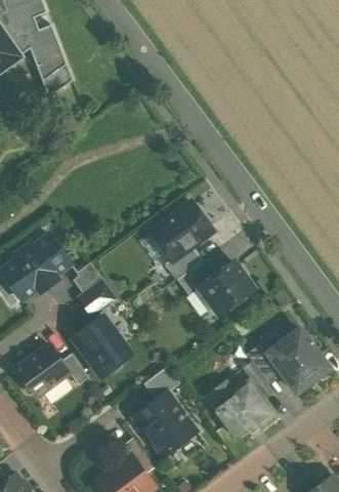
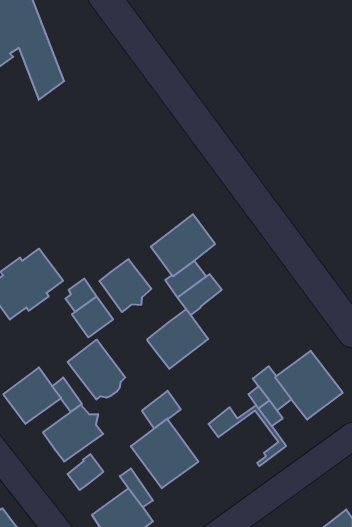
building: none -> [99,259,151,312]
building: [198,259,254,315] -> [147,309,208,369]
building: none -> [43,405,103,462]
building: [214,383,269,438] -> none
building: none -> [67,454,103,490]

